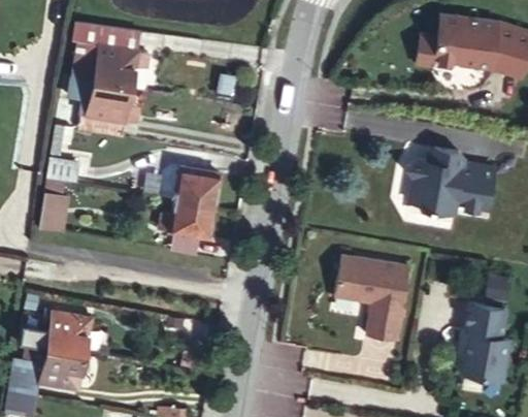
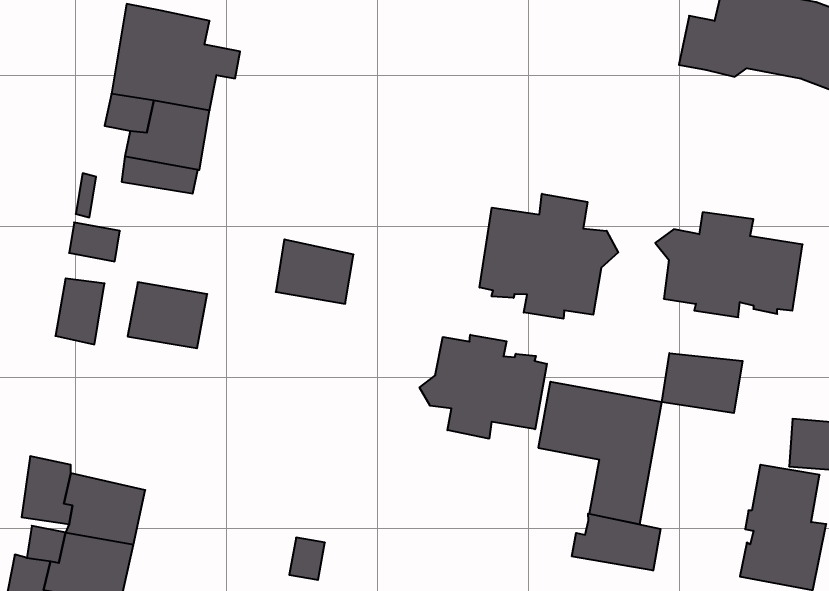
building: none -> [480,194,618,319]
building: [168,199,217,239] -> [128,282,207,348]
building: none -> [420,335,547,439]
building: none -> [662,353,743,413]
building: none -> [572,514,661,571]

